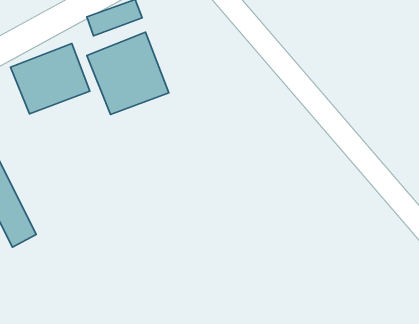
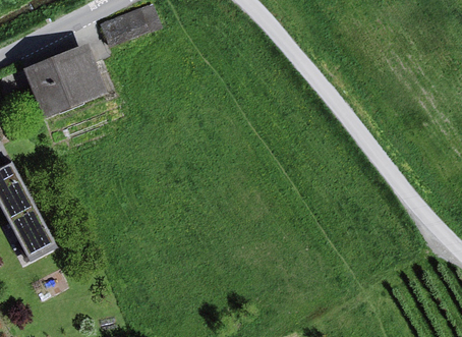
building: [87,32,169,115] -> none

